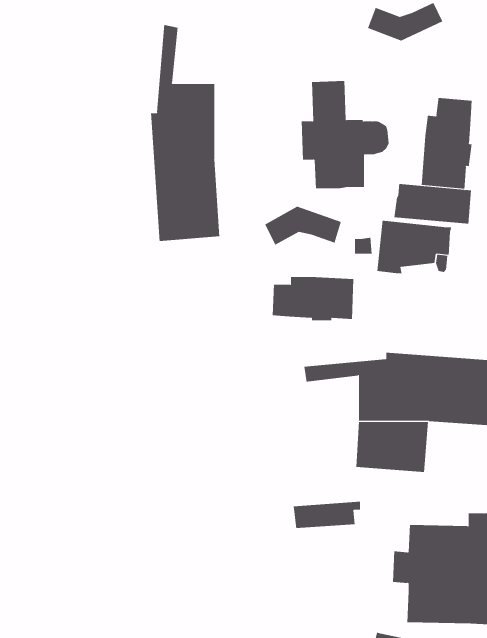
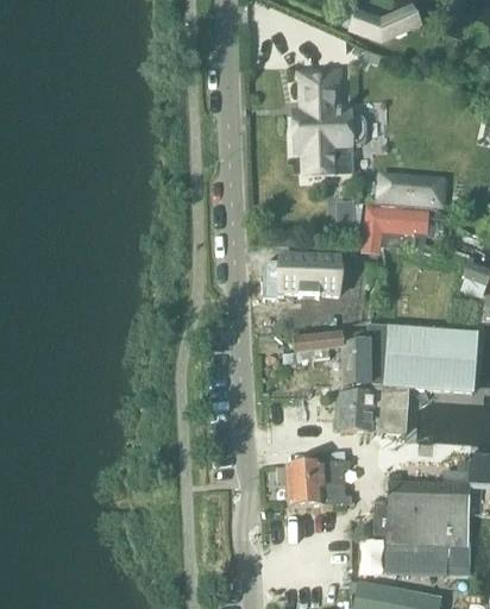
building: [151,24,220,242] -> none
building: [421,97,472,190] -> none
building: [265,206,342,245] -> none
building: none -> [287,481,348,504]

